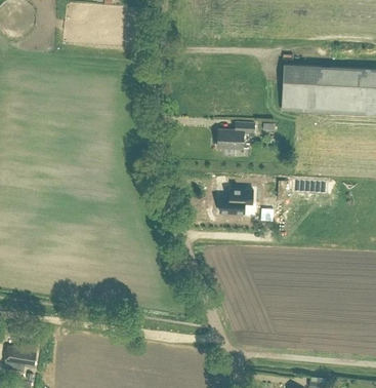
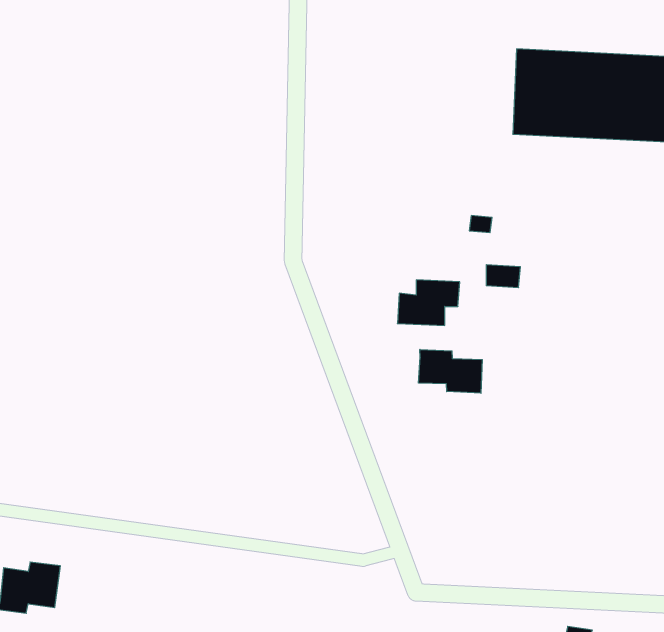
building: [218,122,254,149] -> none
building: none -> [419,349,482,393]

